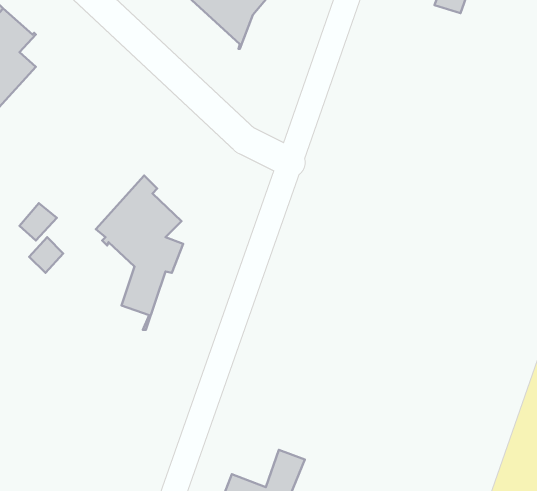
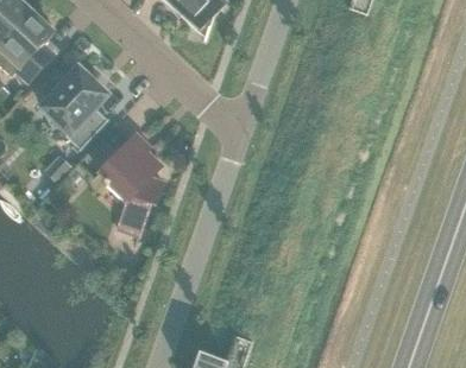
building: none -> [42,68,107,148]

